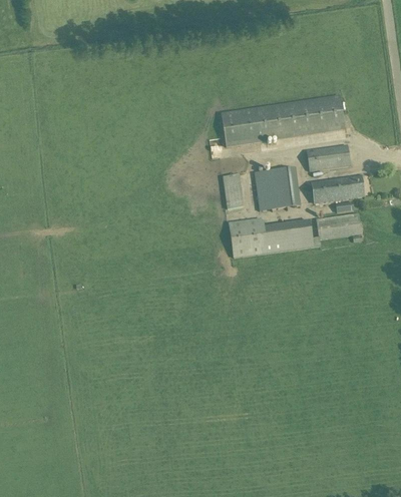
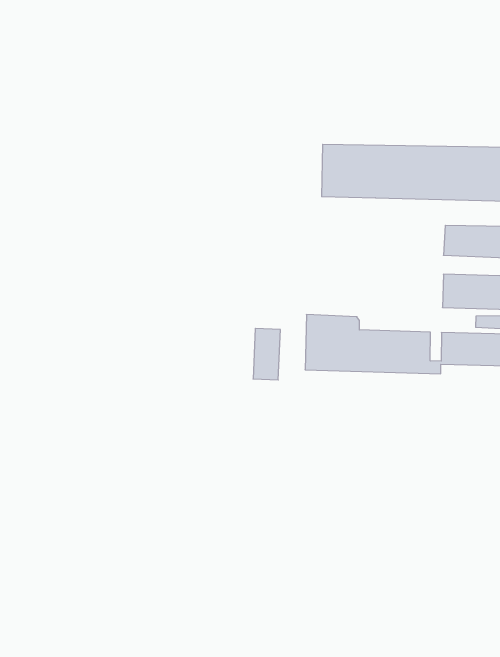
building: [254,166,300,209] -> none
building: [223,174,243,208] -> [253,328,280,380]

